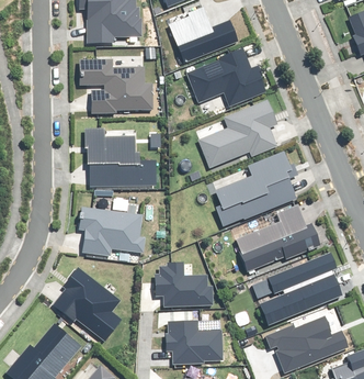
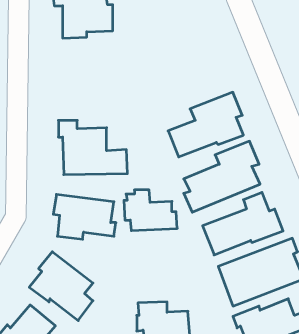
building: [169,10,236,62] -> none
building: [186,51,265,105] -> none
building: [79,59,152,113] -> none
building: [156,264,212,306] -> [124,190,177,231]

